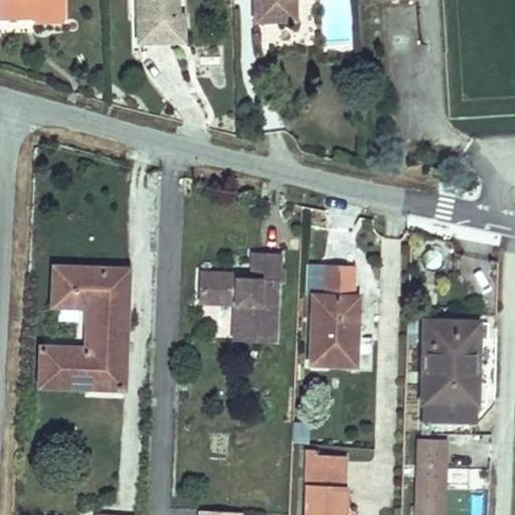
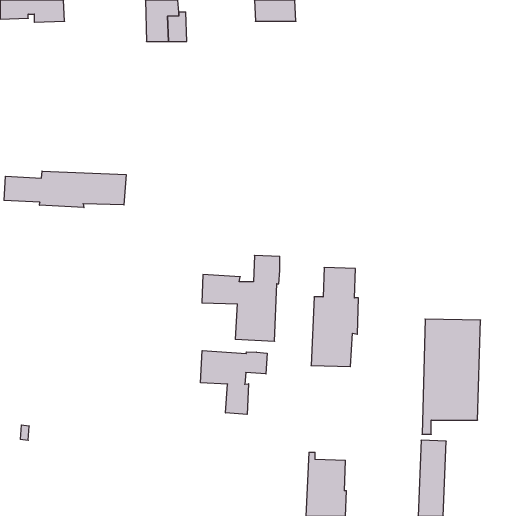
building: none -> [4,171,126,208]
building: [39,267,128,389] -> none
building: none -> [201,351,267,414]

